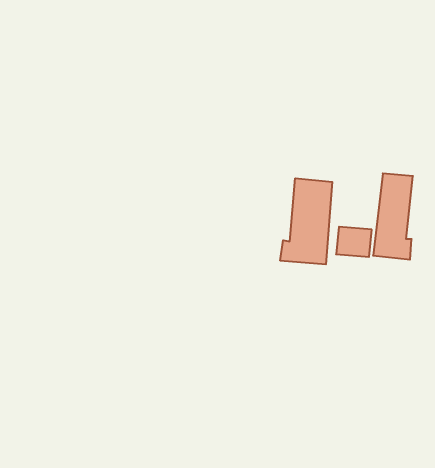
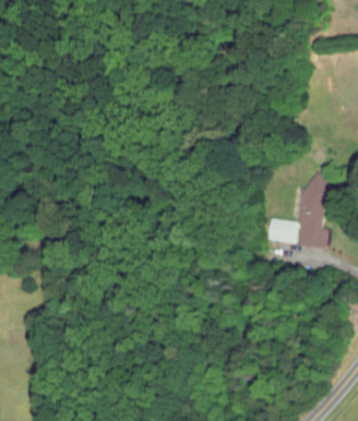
building: [280,178,332,264] -> none

